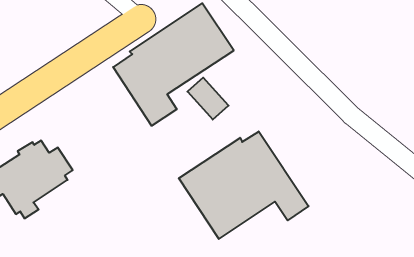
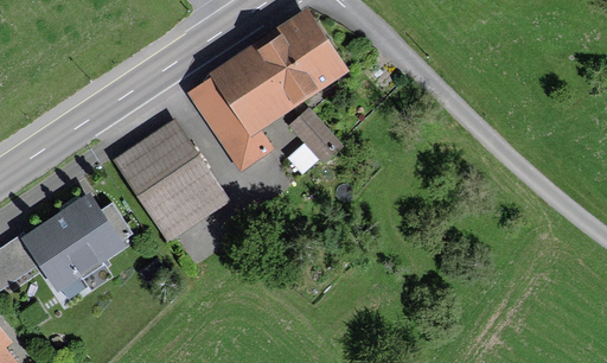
building: none -> [111,119,230,244]
building: [179,131,309,239] -> none

